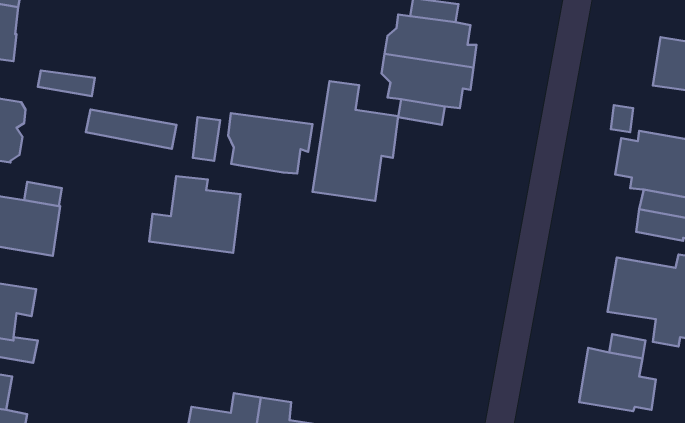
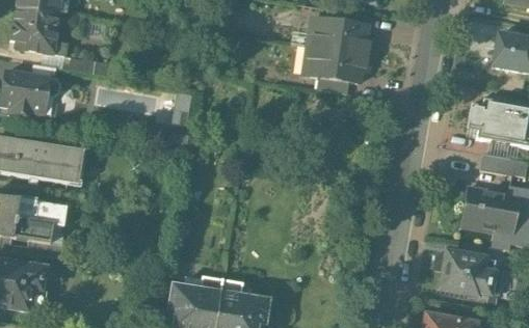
building: [313,81,398,201] -> none
building: [228,113,312,173] -> none
building: [149,176,241,253] -> none

